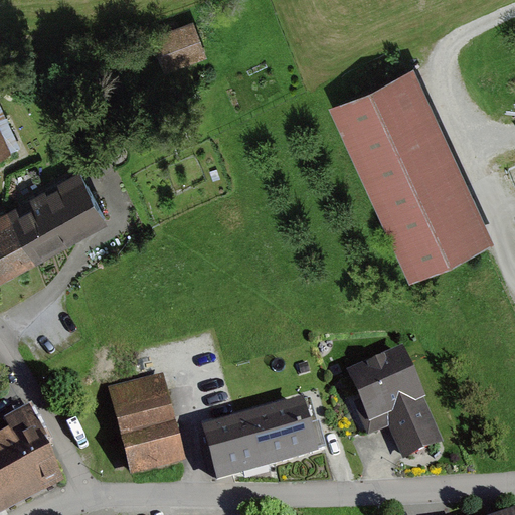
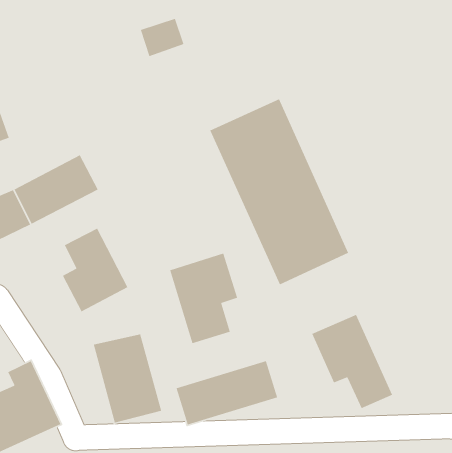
building: [331,63,489,275] -> [209,98,349,285]
building: none -> [62,227,128,312]
building: none -> [169,252,238,344]

